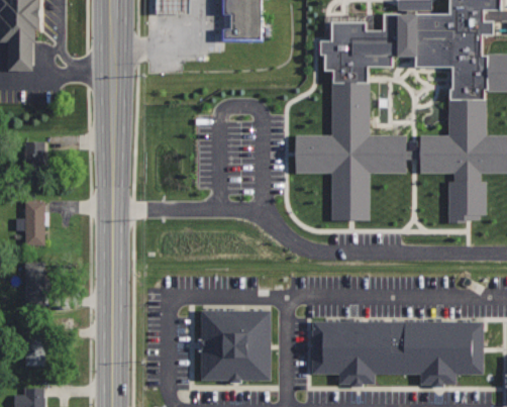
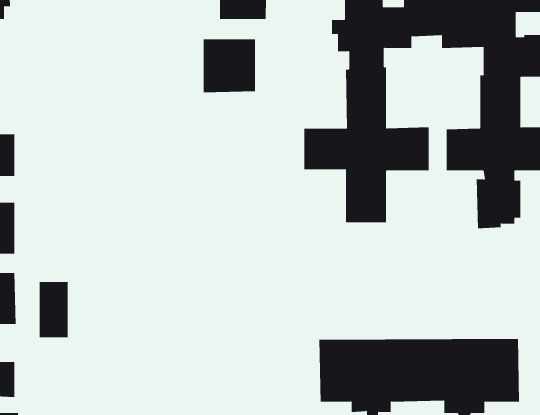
building: none -> [203,38,255,93]
building: none -> [39,281,68,338]
building: [197,311,266,381] -> none

